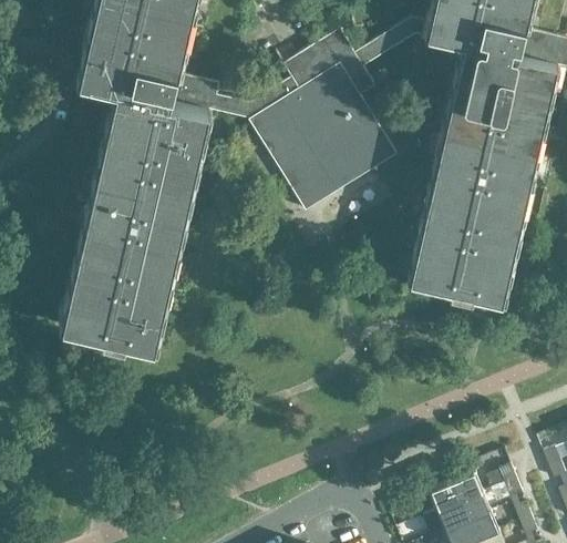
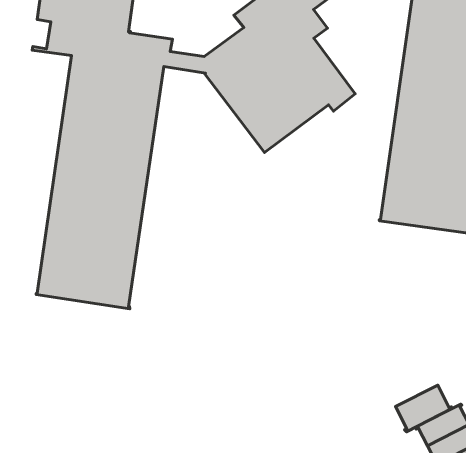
building: none -> [396,385,452,432]

